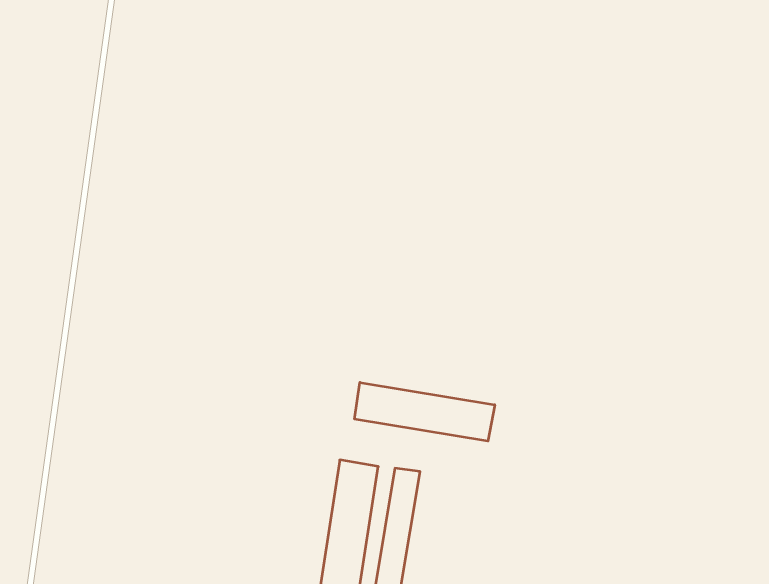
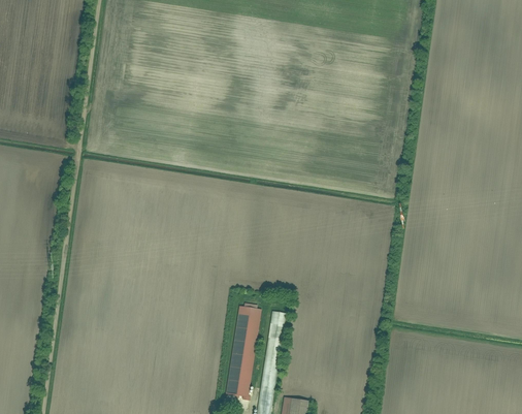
building: [355,382,495,441] -> none

